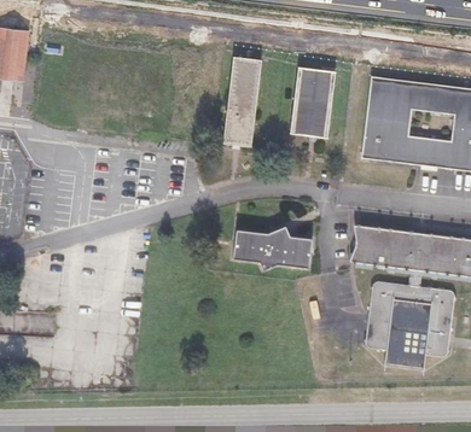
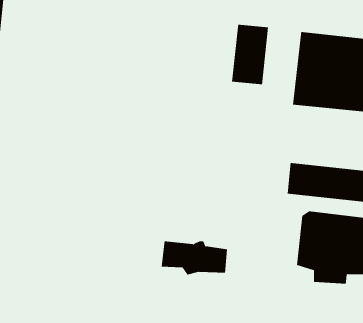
building: [226,56,262,146] -> none
building: [235,229,313,269] -> [161,241,228,275]

